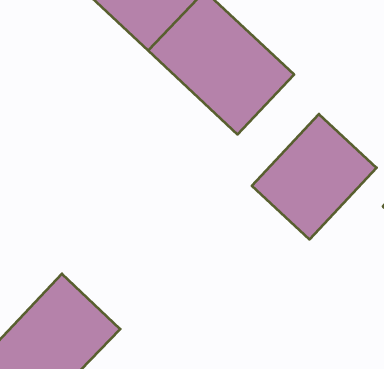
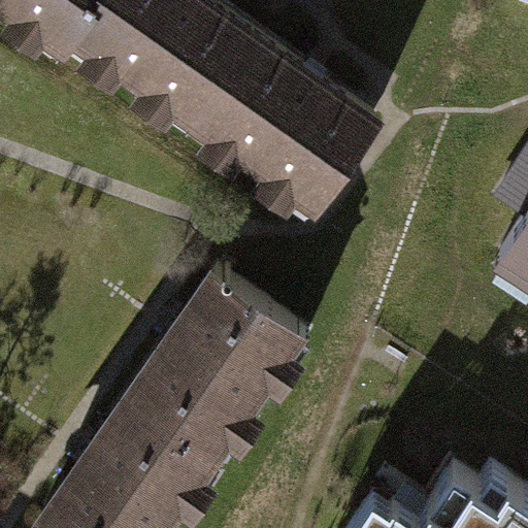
building: [252,114,377,239] -> none
building: none -> [124,274,292,456]

